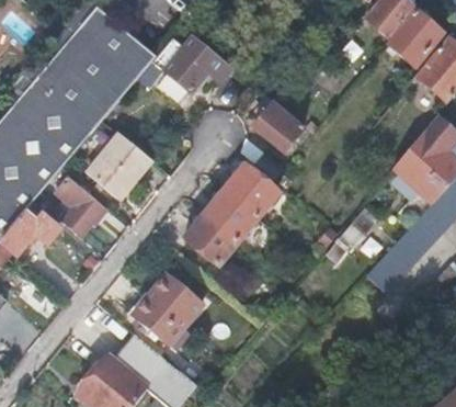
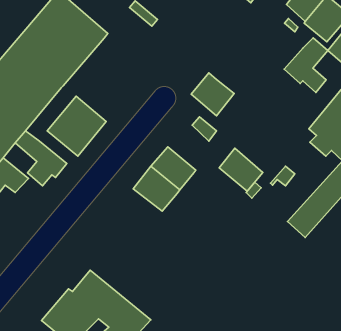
building: [151,37,232,92] -> none
building: none -> [284,38,328,92]
building: [226,166,277,216] -> [219,148,263,191]
building: [133,274,202,344] -> none

